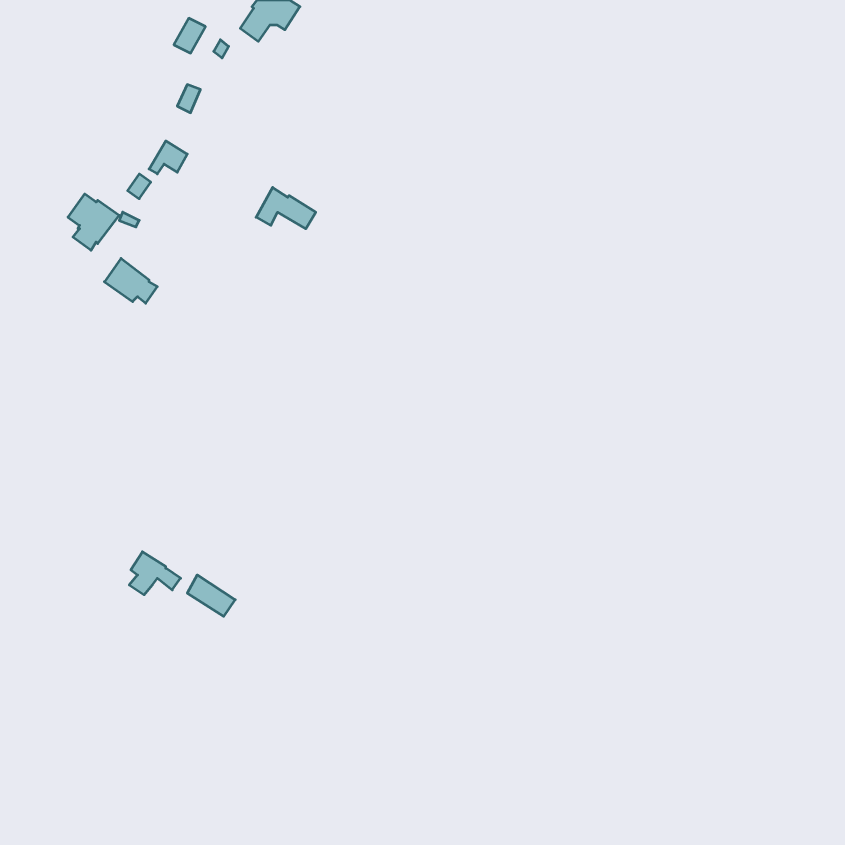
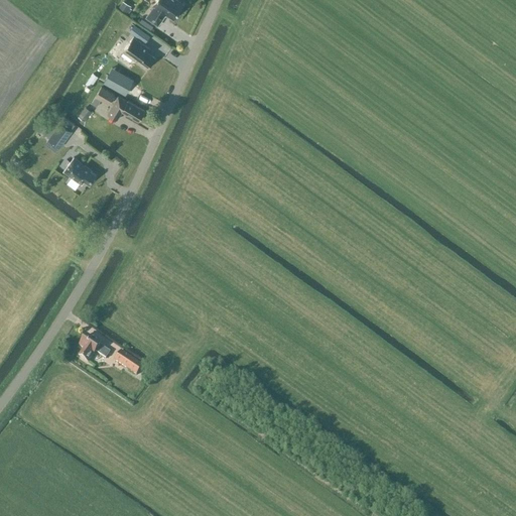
building: none -> [124,38,155,68]
building: none -> [105,70,133,95]
building: [256,187,316,229] -> [109,97,145,122]

